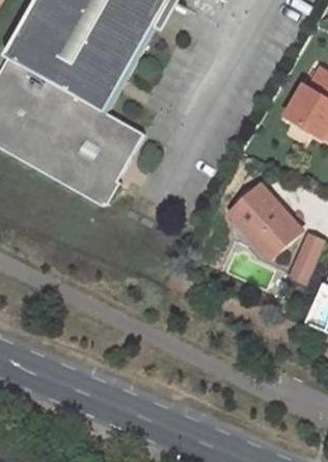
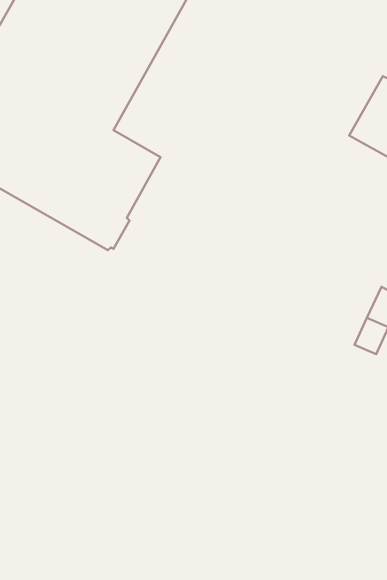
building: [228,183,302,257] -> none

